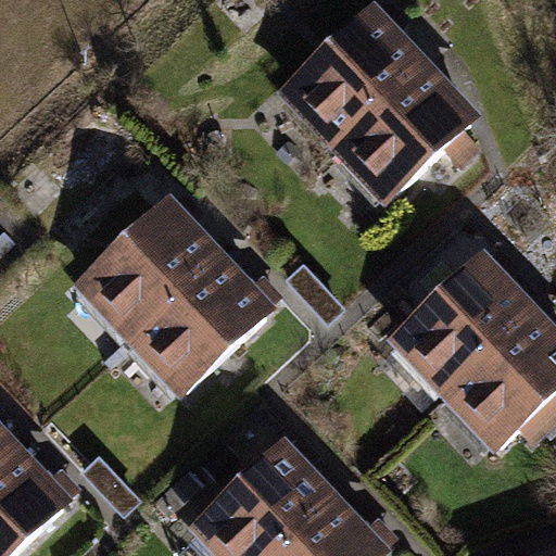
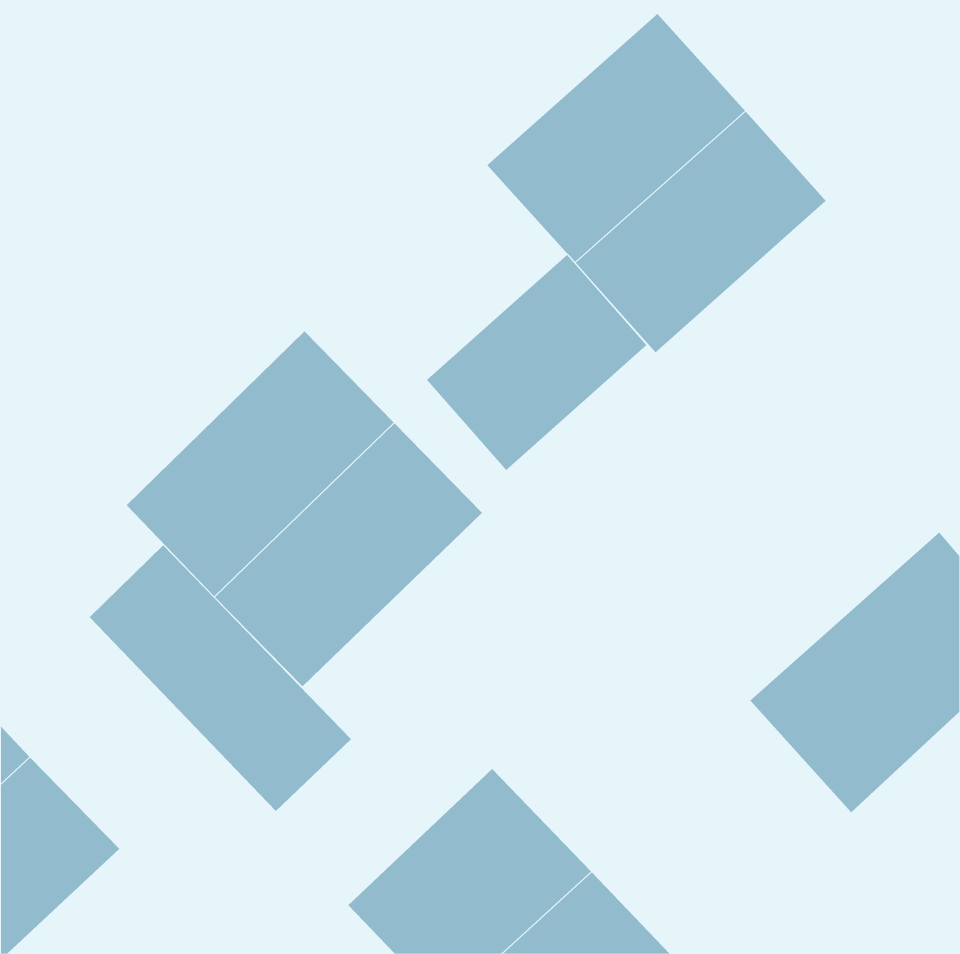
building: none -> [426,254,647,471]
building: [375,242,543,405] -> none
building: none -> [89,544,352,812]

